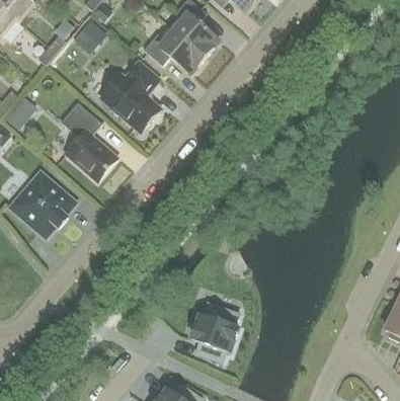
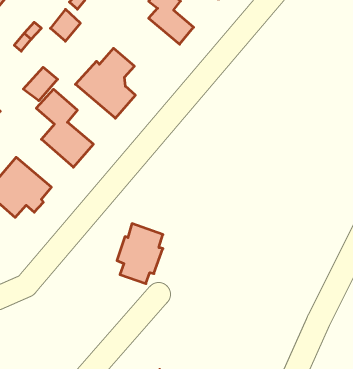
building: [143,29,205,73] -> none
building: none -> [23,67,58,101]
building: [191,301,238,362] -> [117,224,163,284]

